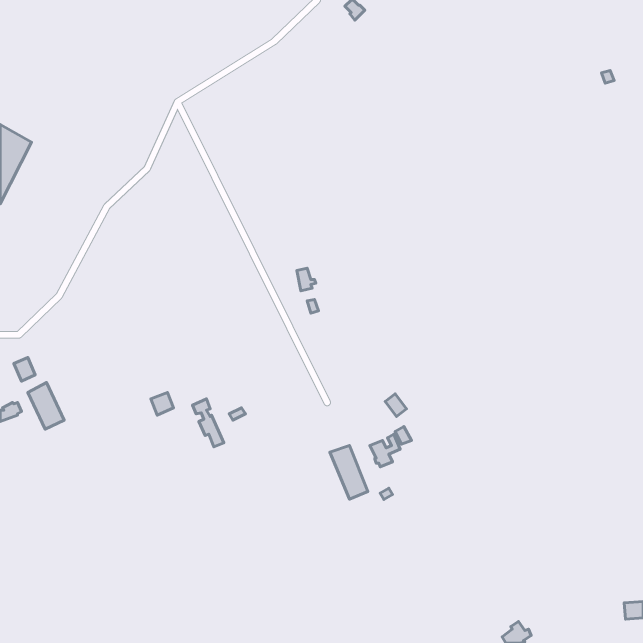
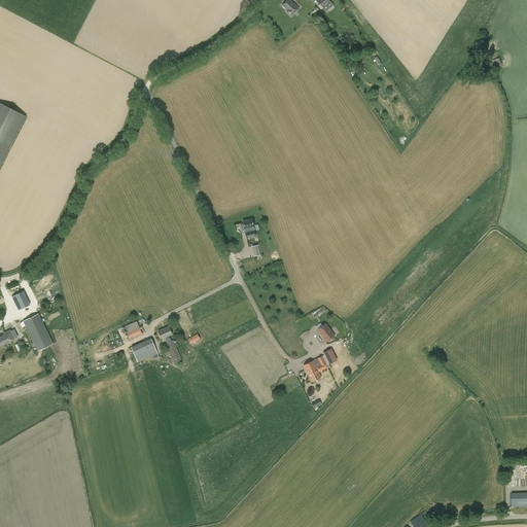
building: none -> [131,338,159,362]
building: [330,446,368,499] -> none

